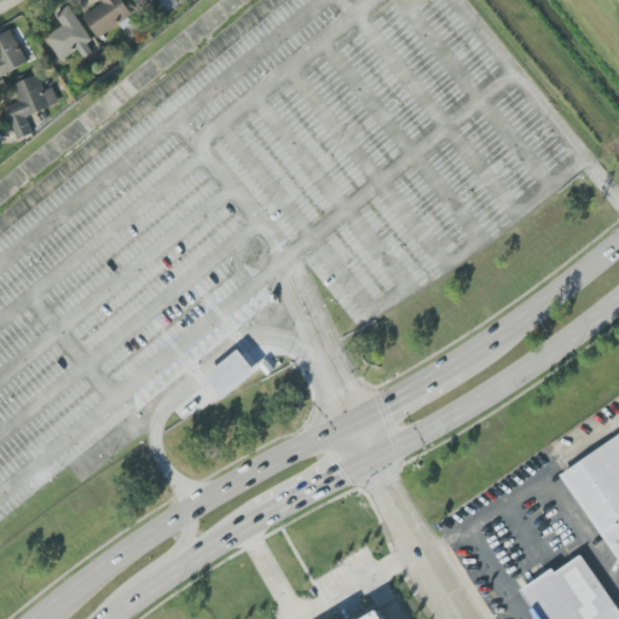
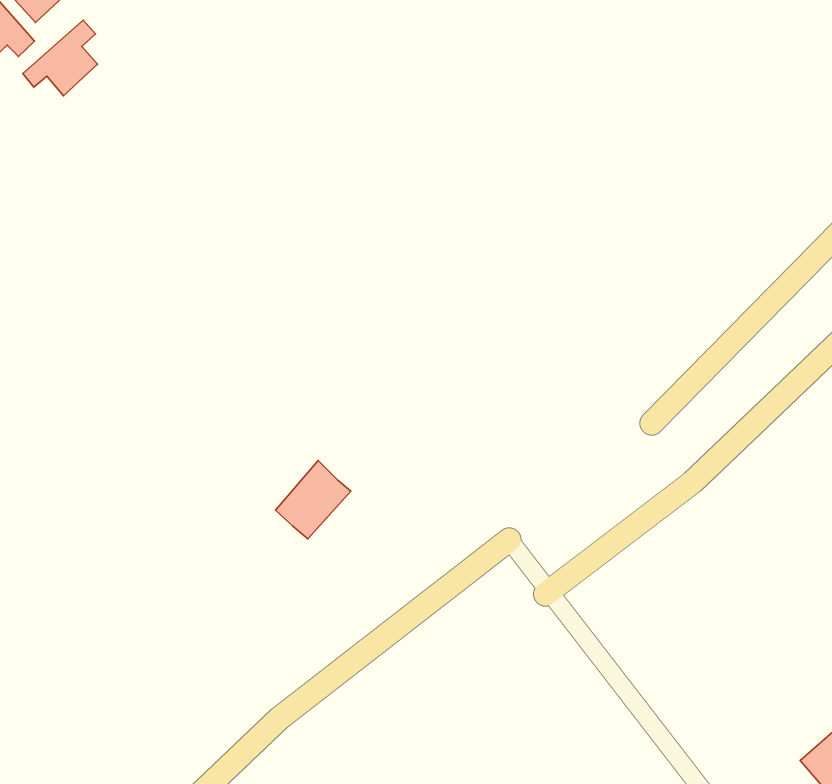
building: none -> [23,20,98,96]

